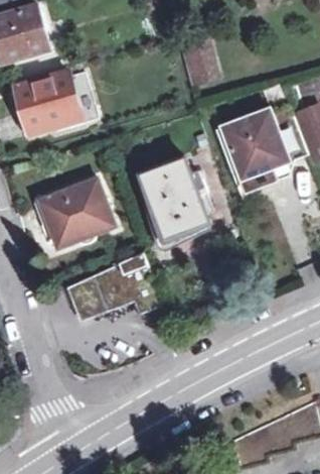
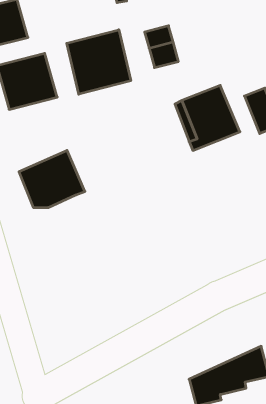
building: none -> [67,30,131,94]
building: [142,156,209,236] -> none
building: [66,258,162,319] -> none

